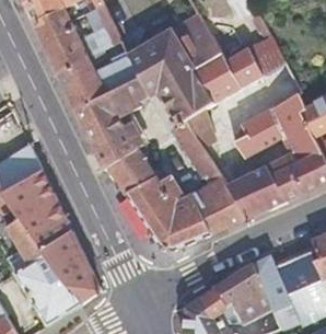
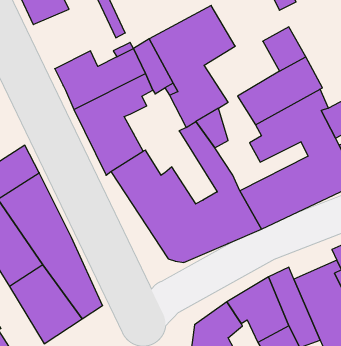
building: [37,19,90,73] -> none
building: [194,48,263,104] -> none

